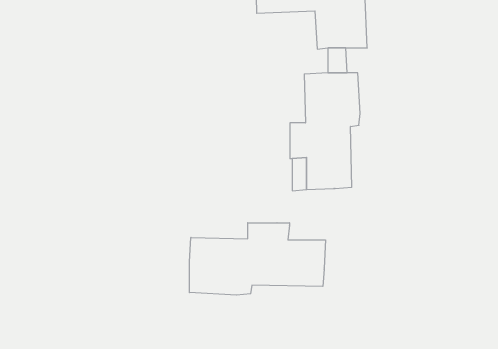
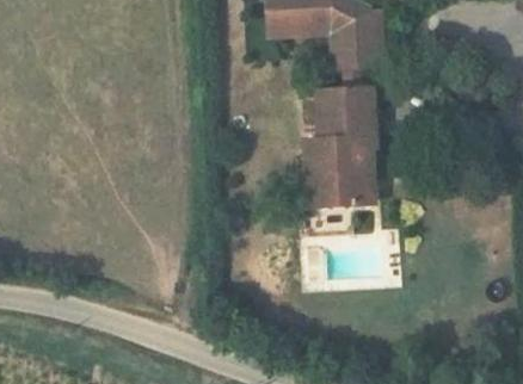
building: [189,223,325,295] -> none

